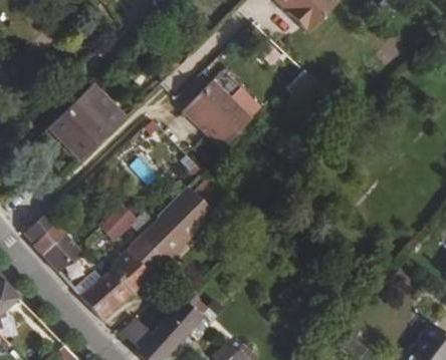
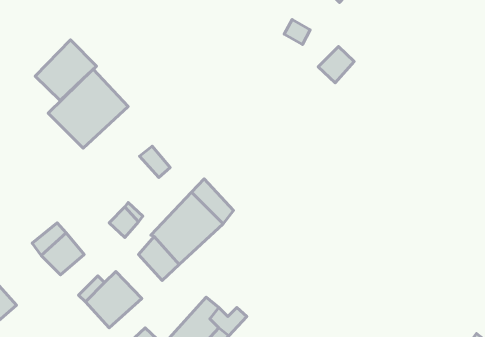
building: none -> [35,40,96,100]
building: [186,79,256,147] -> none
building: [108,251,150,292] -> none

